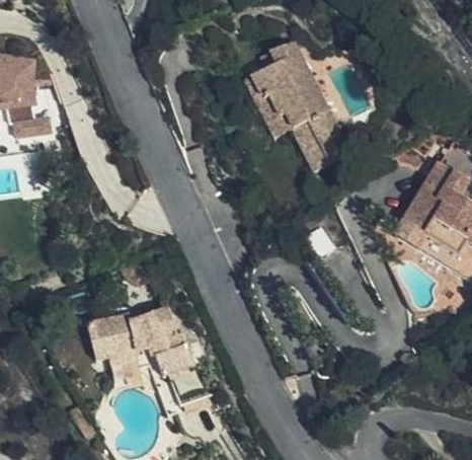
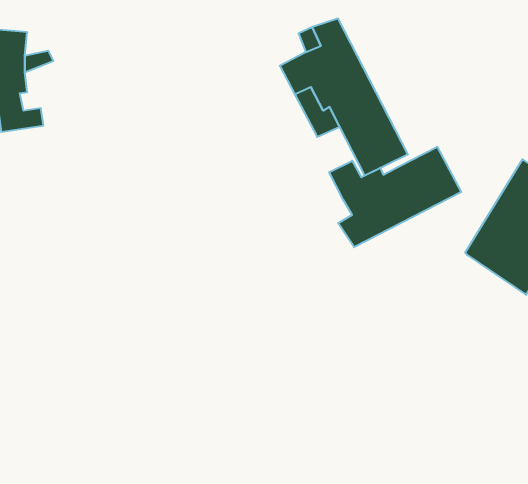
building: none -> [329,147,461,247]
building: [87,305,209,409] -> none

